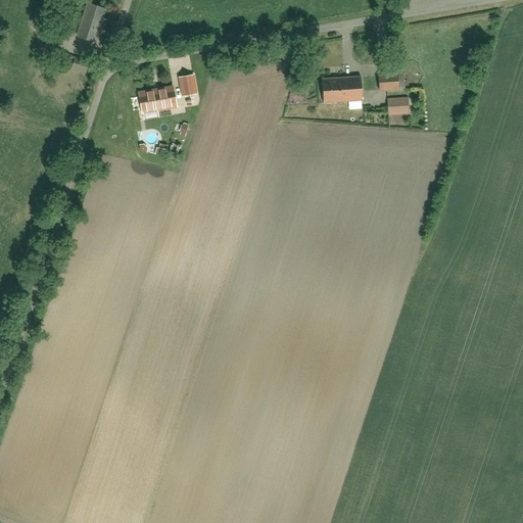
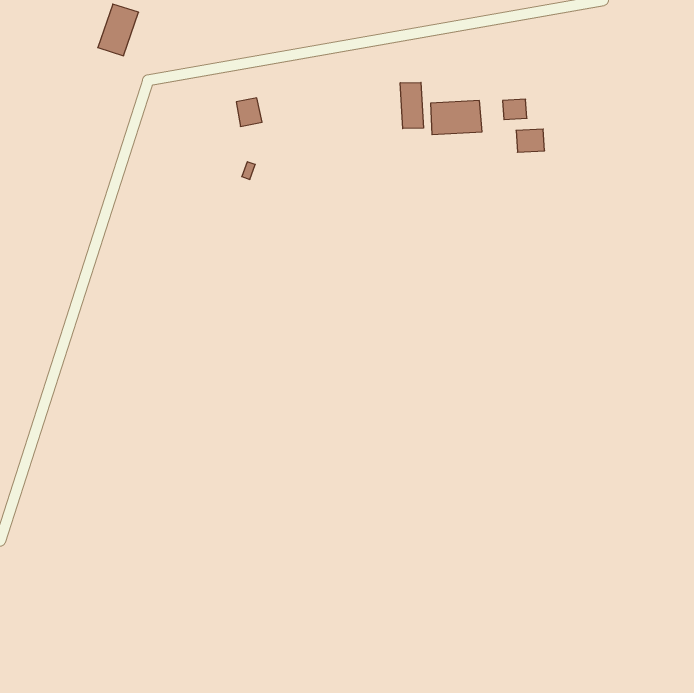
building: none -> [400,82,423,129]
building: [138,85,177,118] -> none

